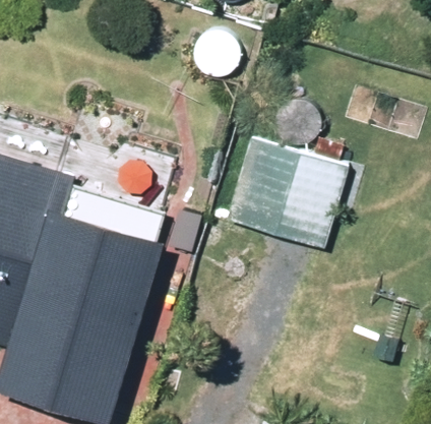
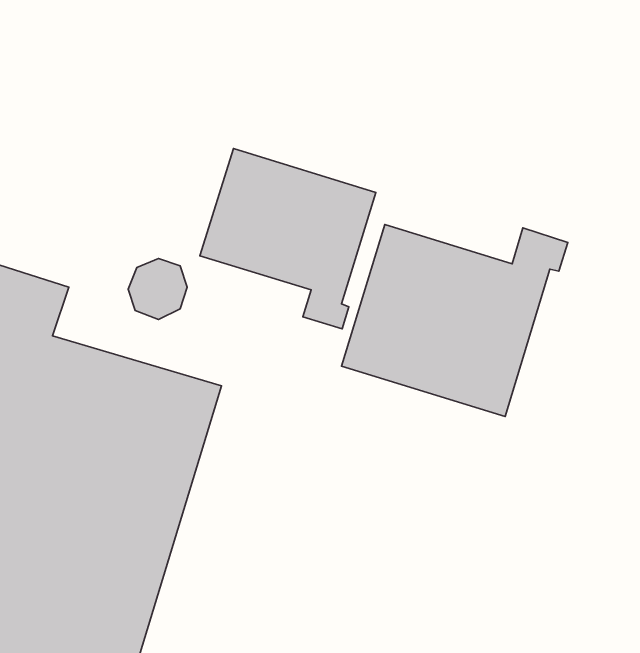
building: none -> [200,149,376,329]

